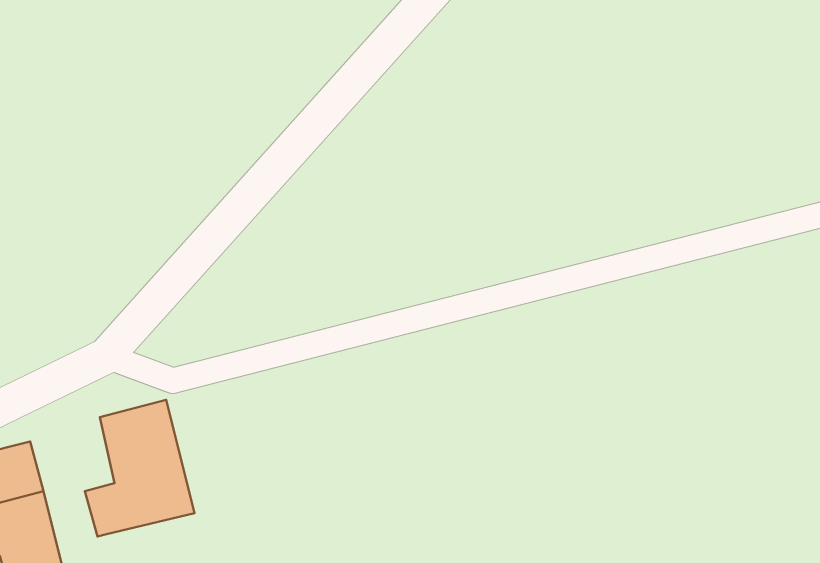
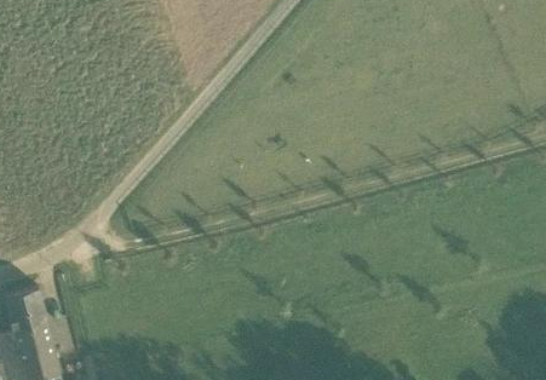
building: [85,400,195,537] -> none

